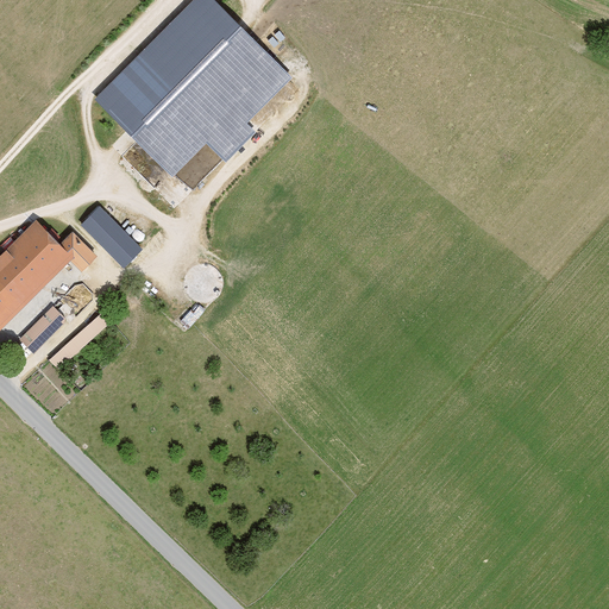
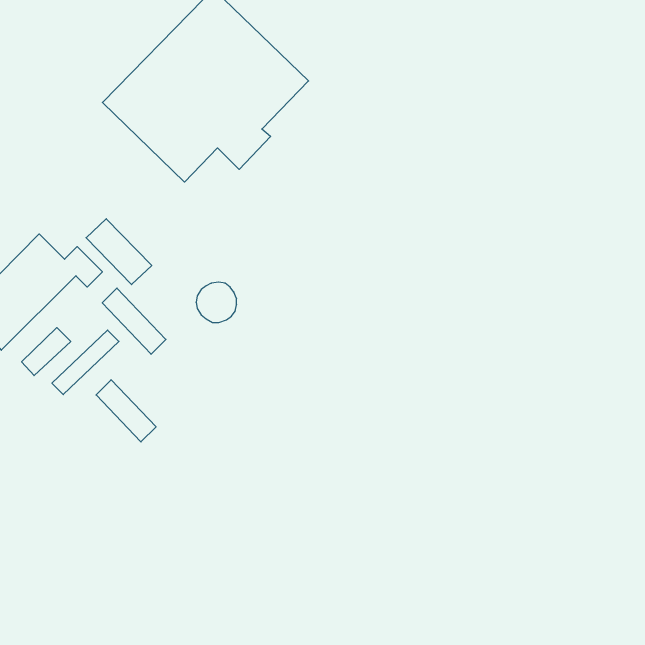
building: none -> [102,288,166,354]
building: none -> [96,380,156,442]

